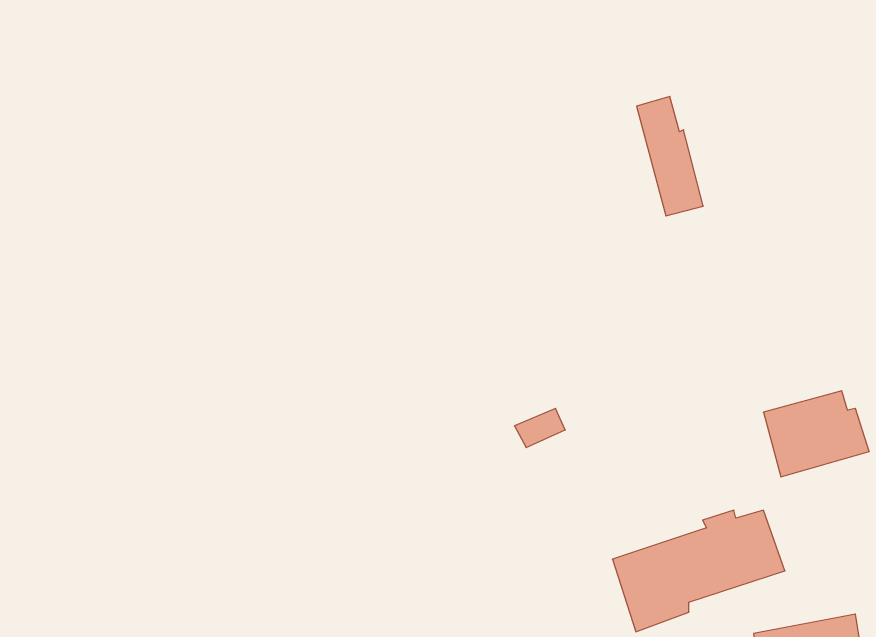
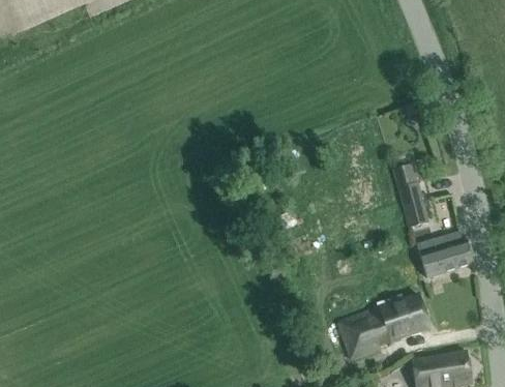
building: [637,96,703,216] -> [393,163,428,227]

